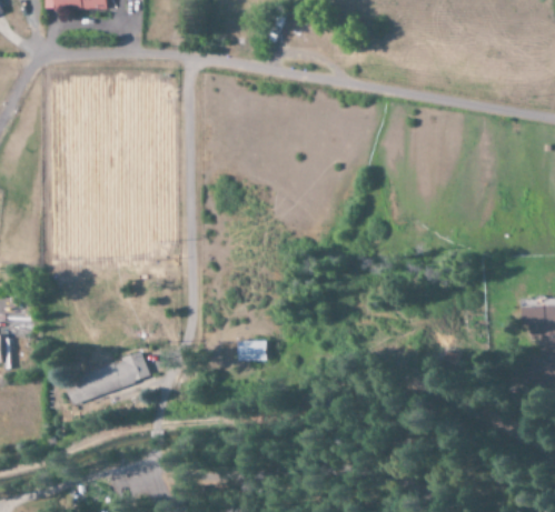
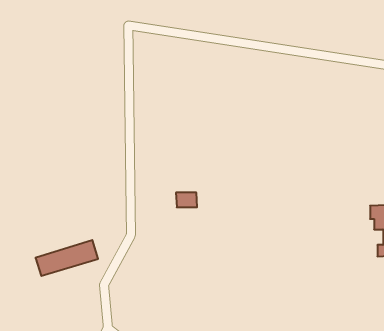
building: [238,340,267,360] -> [176,193,197,207]

